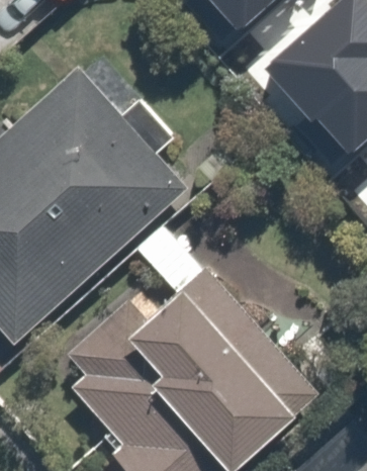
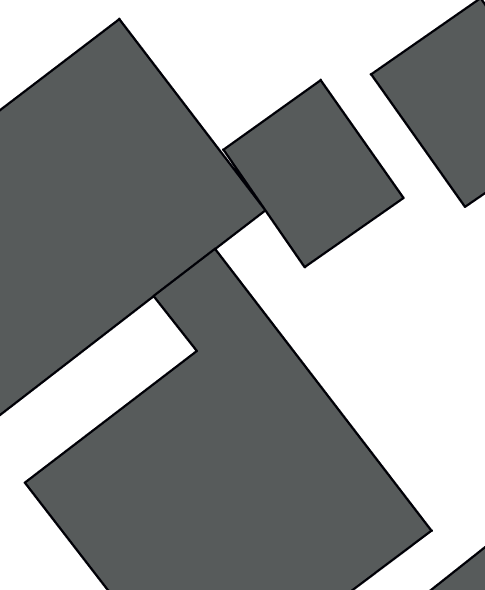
building: none -> [223,80,403,267]

